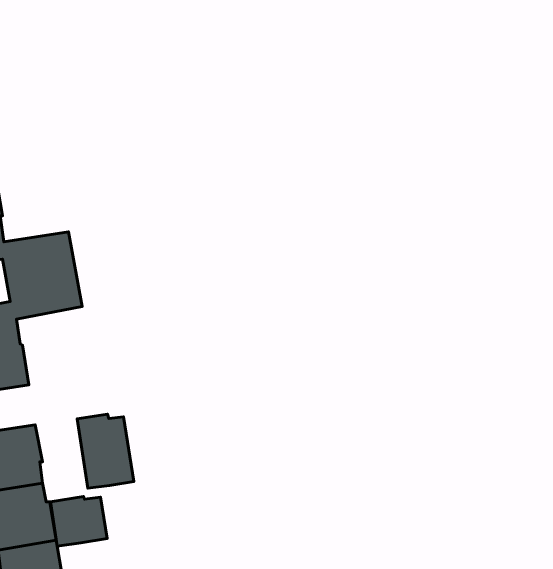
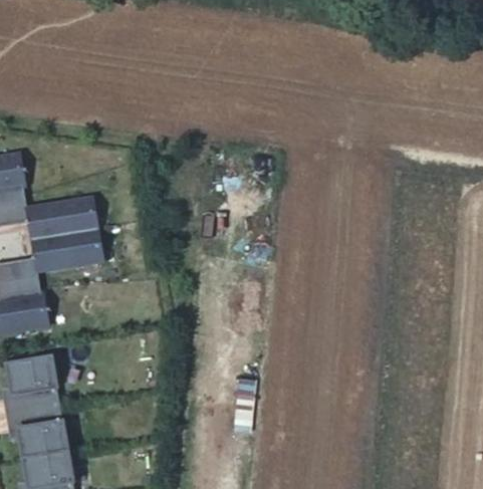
building: [77,414,134,488] -> none
building: [50,496,107,546] -> none

